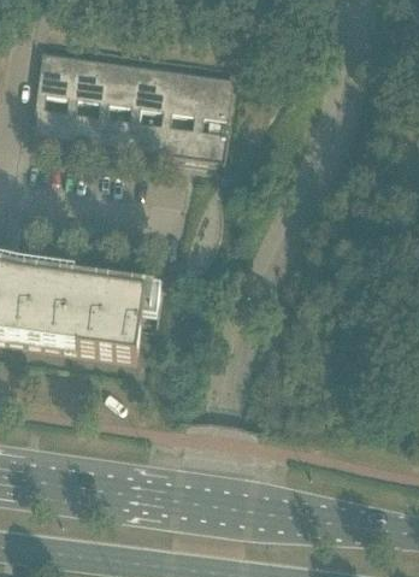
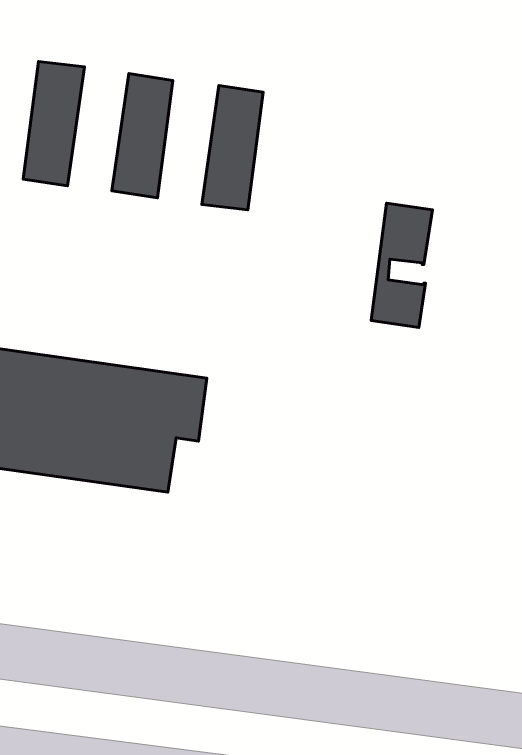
building: [60,55,104,143] -> none
building: [124,65,167,153] -> none
building: [188,73,231,161] -> [371,203,432,327]

